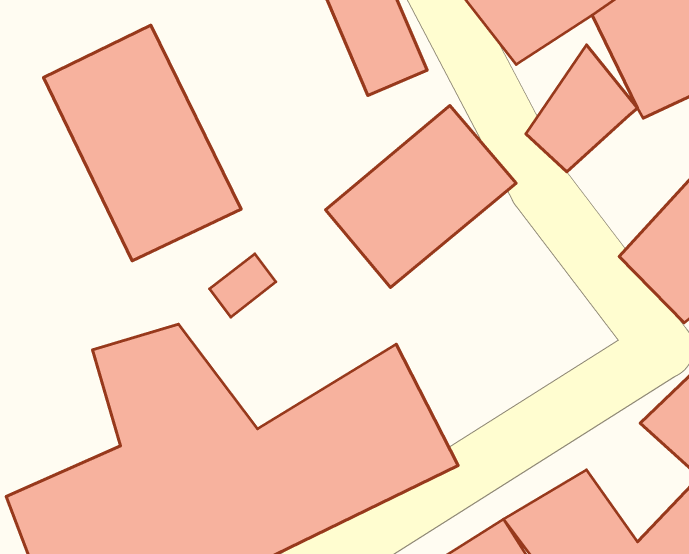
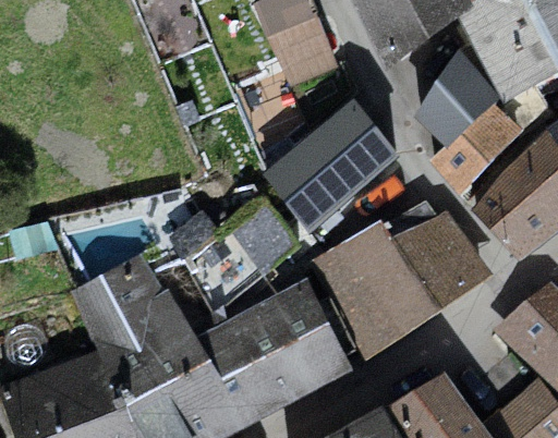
building: [43,25,241,261] -> none
building: none -> [426,98,518,190]
building: none -> [306,207,486,358]

